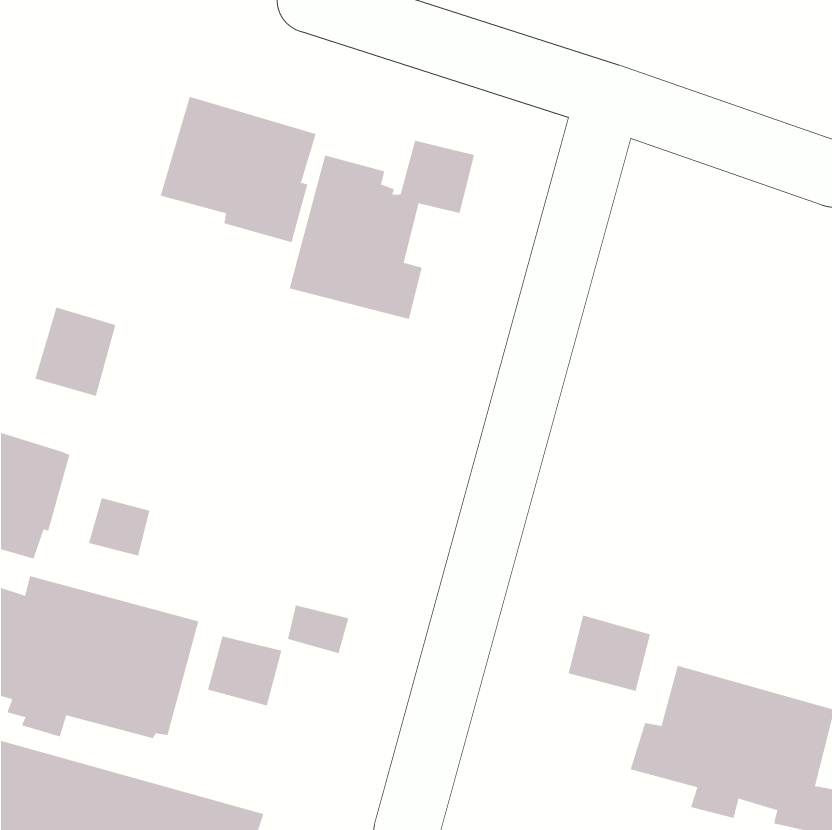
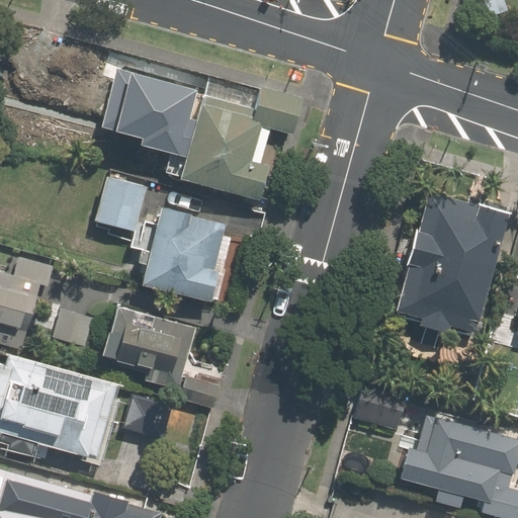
building: [35,307,116,397] -> [95,174,146,230]
building: none -> [393,196,506,336]
building: none -> [144,207,223,299]
building: none -> [106,307,193,390]

